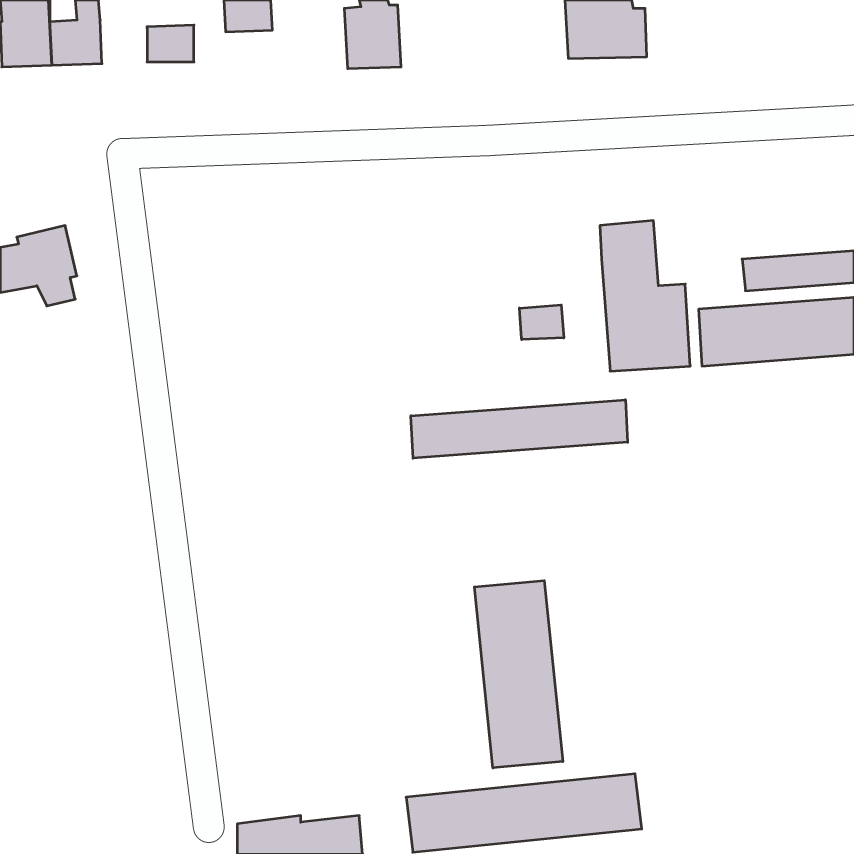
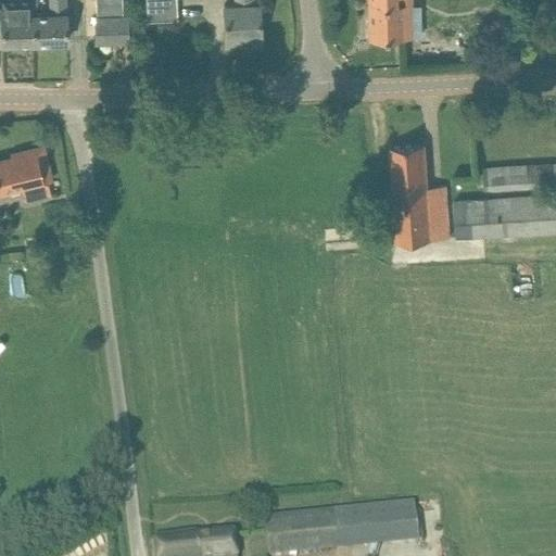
building: [519,305,564,340] -> none
building: [411,400,628,458] -> none
building: [474,581,563,768] -> none

